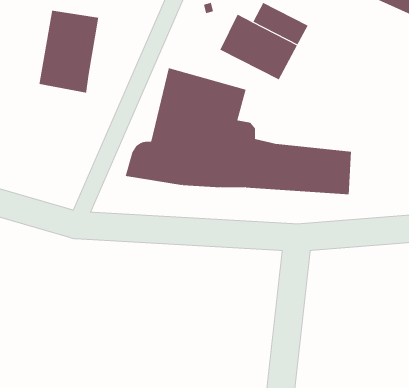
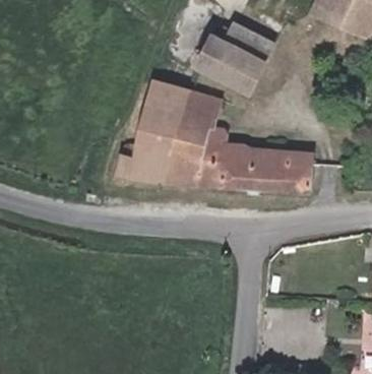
building: [39,10,99,94] -> none

